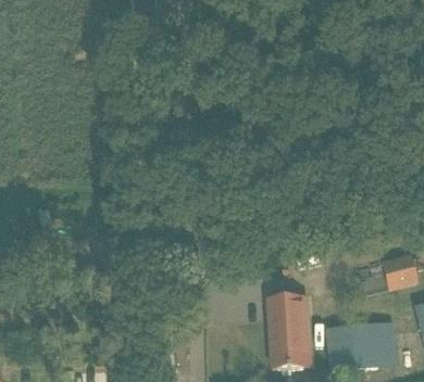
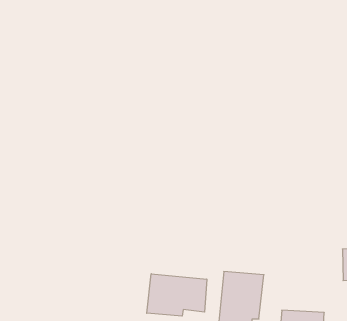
building: none -> [147,274,207,316]

